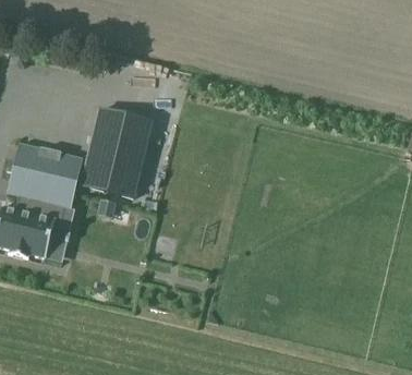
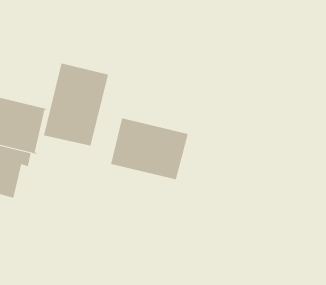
building: none -> [111,117,188,180]

